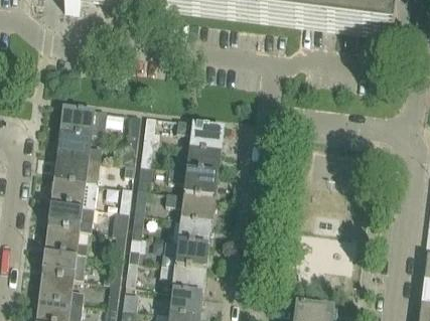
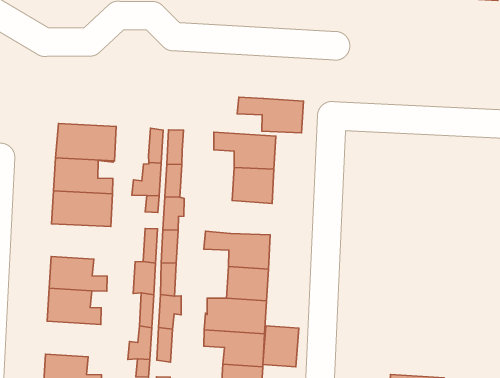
building: [168,160,218,189] -> [237,97,304,133]
building: [52,170,98,199] -> none
building: [43,242,86,271] -> none
building: none -> [263,326,299,367]

